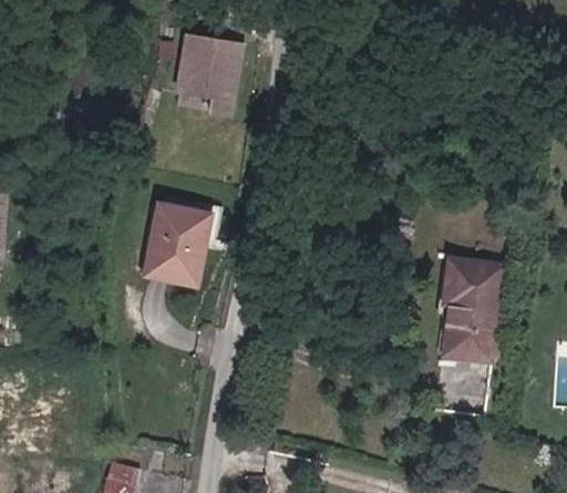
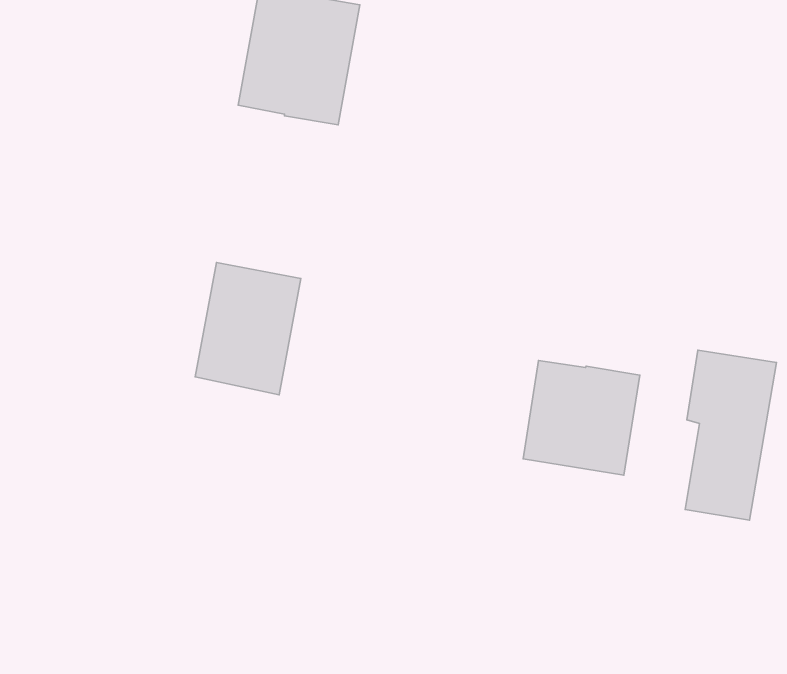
building: none -> [523,360,640,475]

